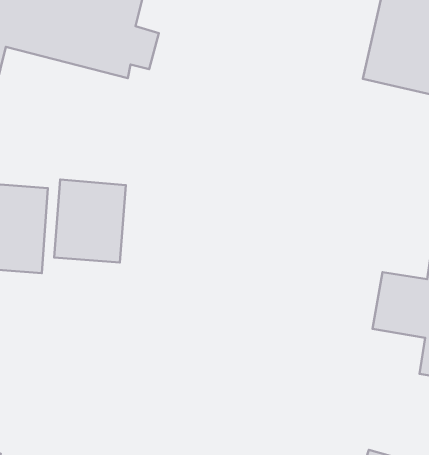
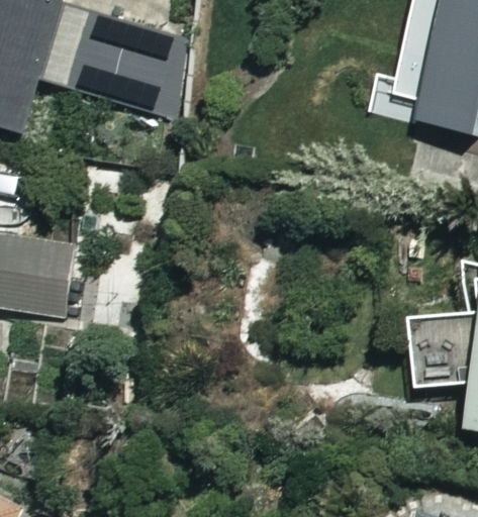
building: [54,179,126,262] -> none

